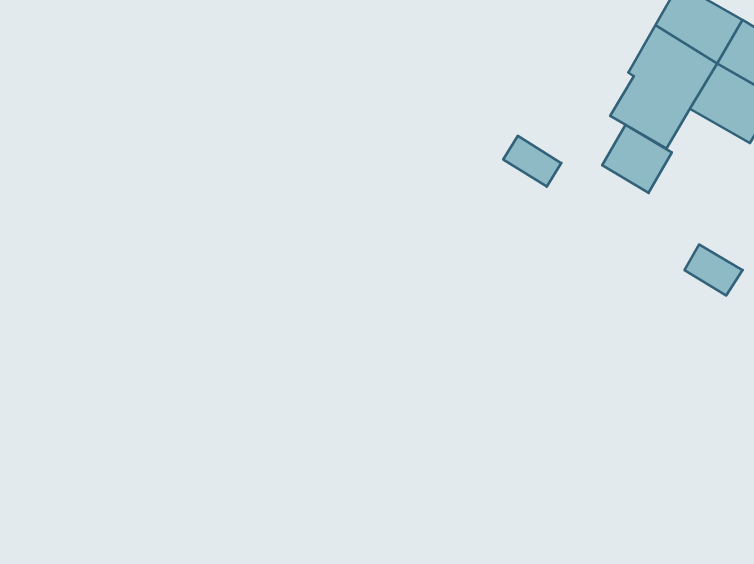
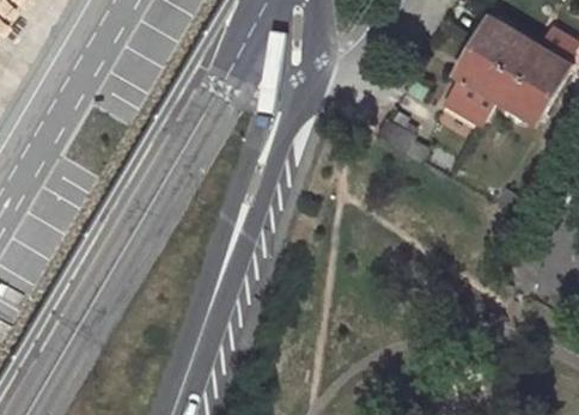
building: [602,125,672,193] -> none

